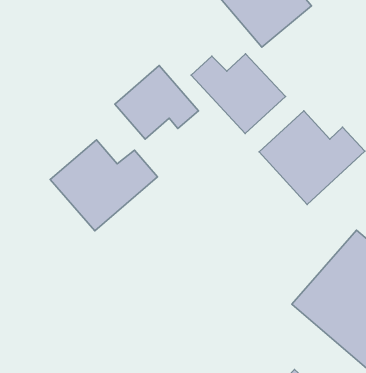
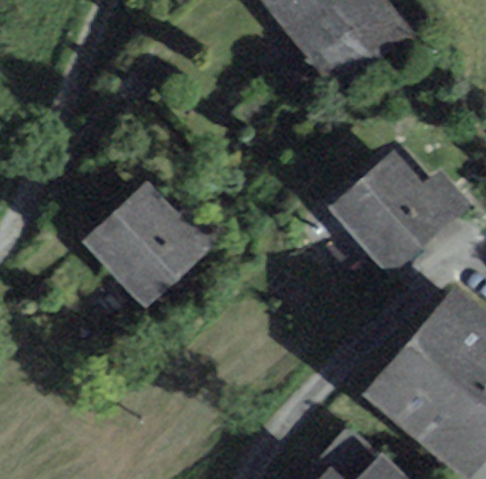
building: [191,54,285,133] -> none
building: [115,65,198,139] -> none

